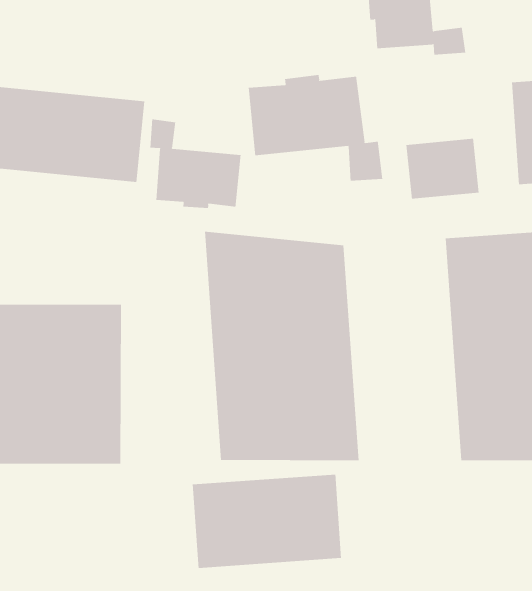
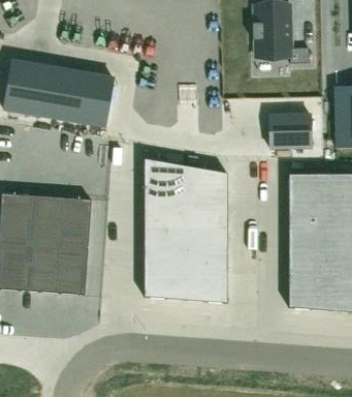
building: [248,74,383,181] -> none
building: [150,118,241,209] -> none
building: [192,474,342,569] -> none

